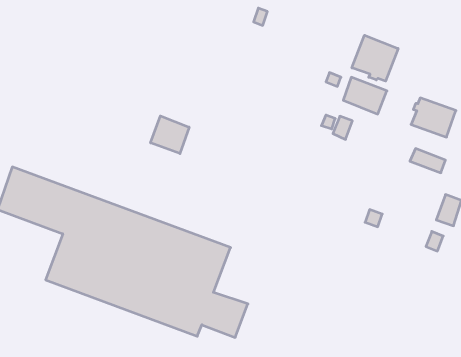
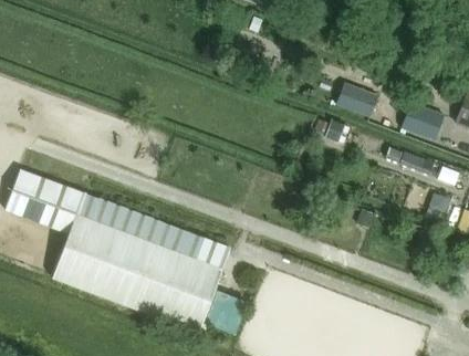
building: [352,35,398,81] -> none
building: [151,116,189,154] -> none

